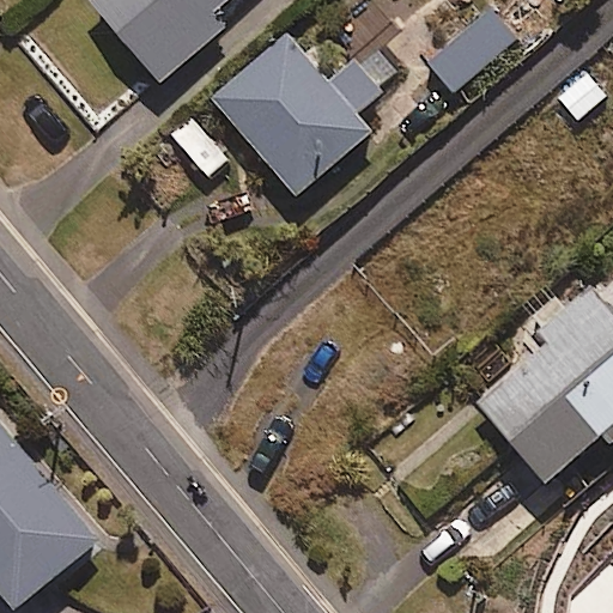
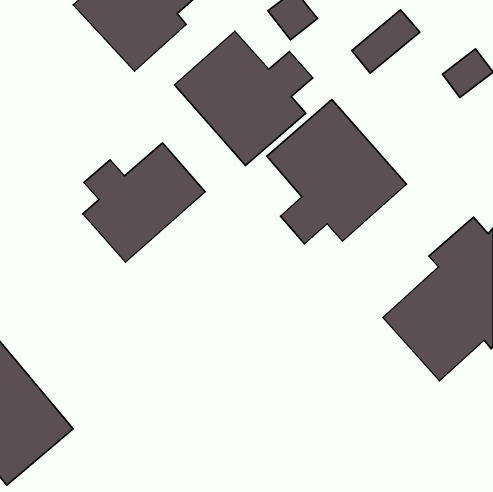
building: none -> [267,100,406,244]
building: none -> [83,143,205,262]

